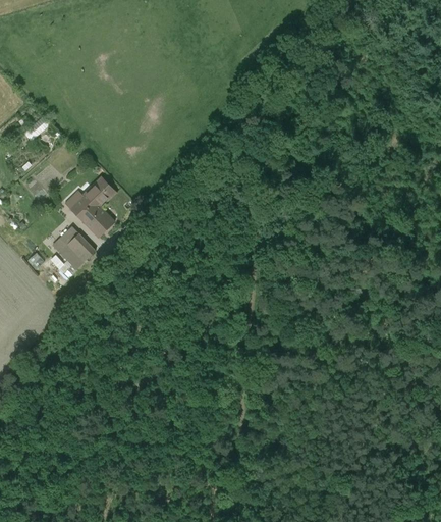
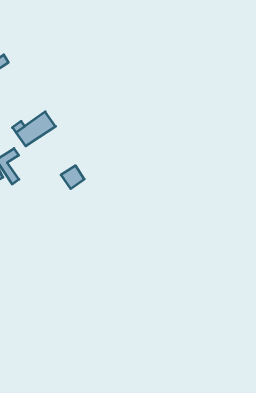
building: [85,207,113,236] -> [61,166,84,189]
building: [66,233,95,262] -> none

